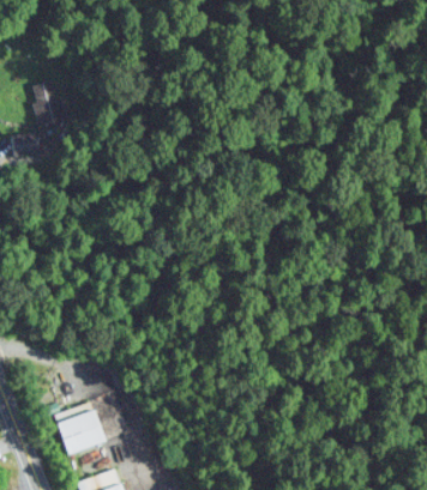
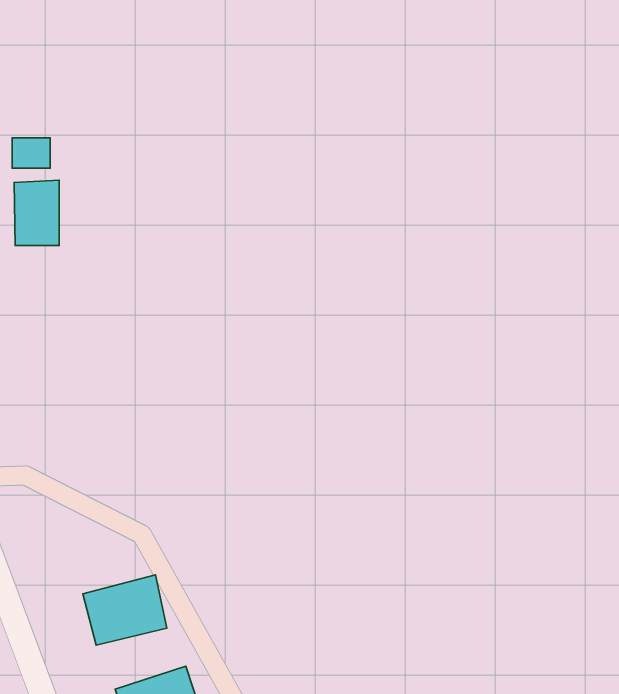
building: [32,84,58,123] -> none
building: none -> [14,180,59,246]

